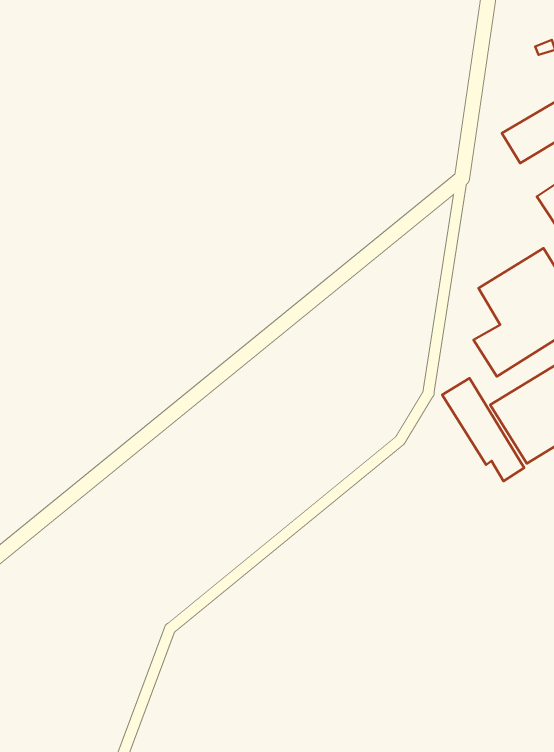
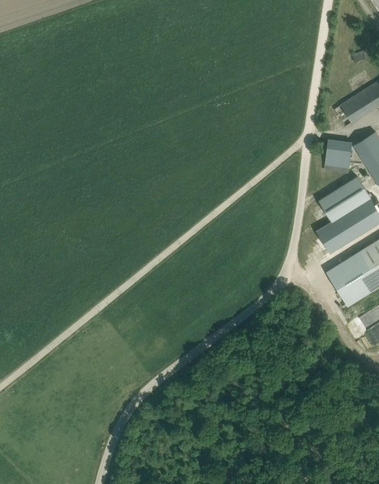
building: none -> [324,140,351,168]
building: [442,378,524,481] -> none

